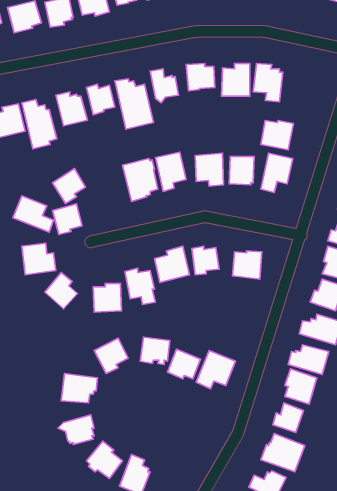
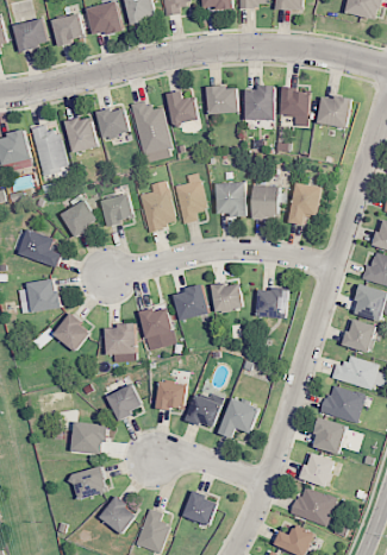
building: [261,120,294,150] -> [316,95,351,127]
building: [52,204,82,235] -> [101,193,133,226]
building: none -> [182,490,217,524]

